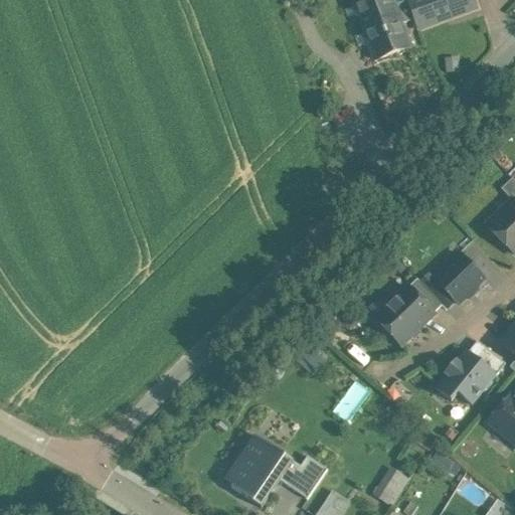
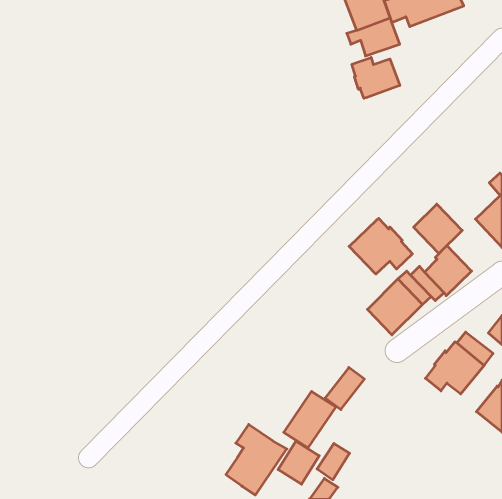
building: none -> [352,57,400,98]
building: none -> [414,204,462,254]
building: none -> [349,218,412,274]
building: none -> [284,391,336,448]
building: [374,466,407,503] -> [317,443,350,480]

